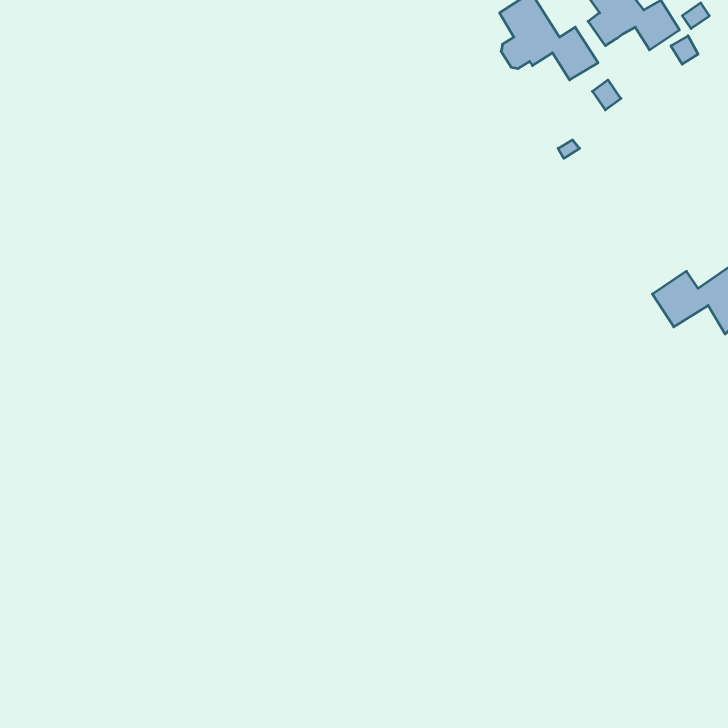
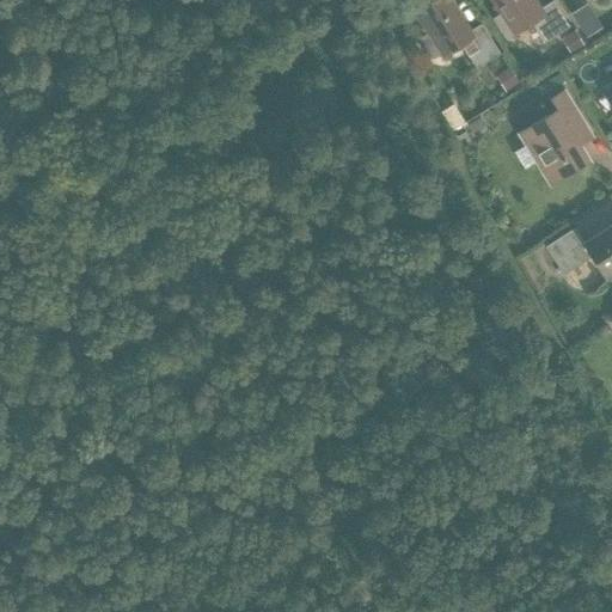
building: none -> [520,90,592,184]

